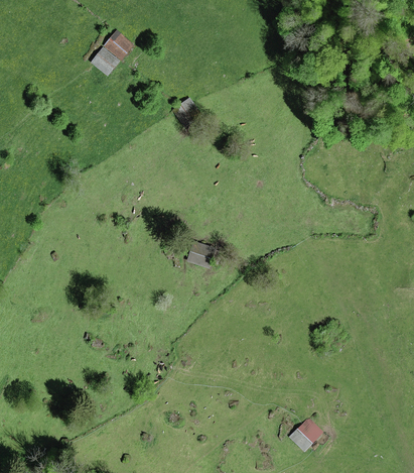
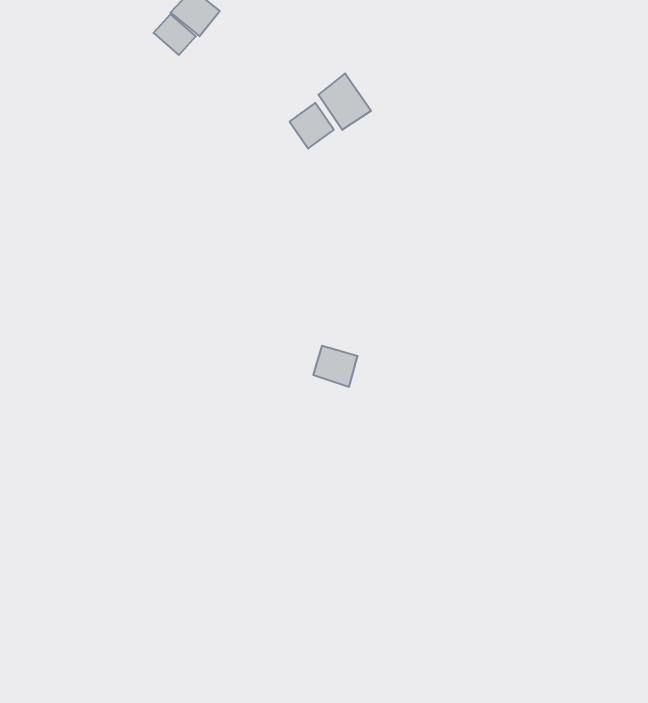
building: none -> [318,73,371,130]
building: [290,418,321,448] -> none

